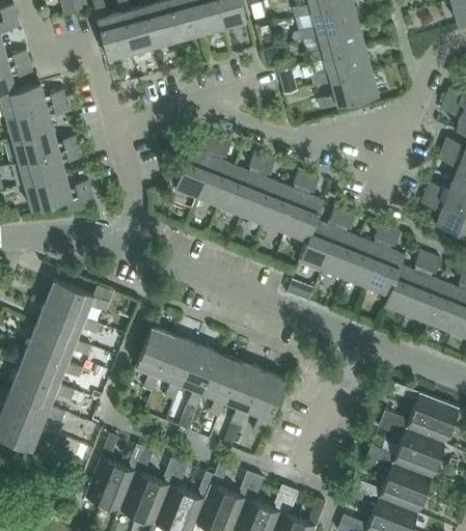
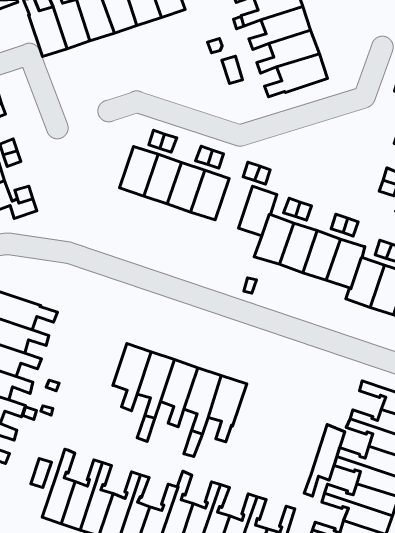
building: [264,185,301,232] -> none
building: [136,328,173,392] -> none
building: none -> [304,425,345,496]

